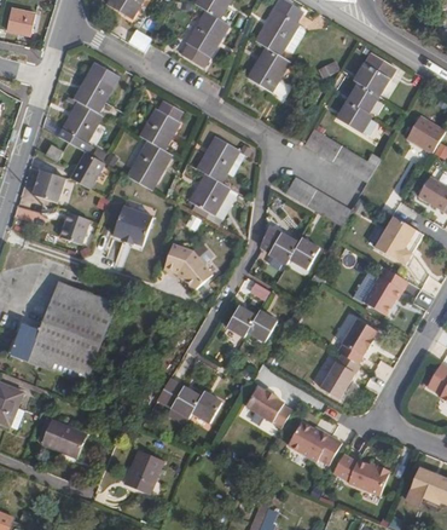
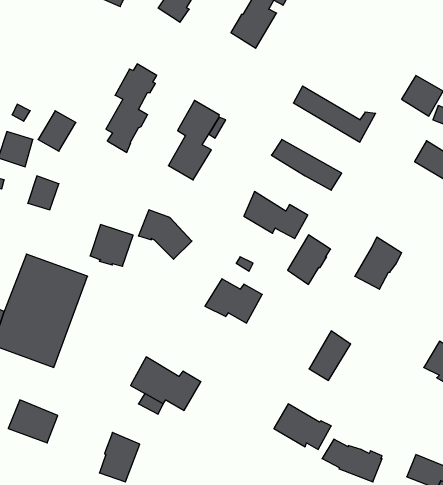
building: [338,51,396,129] -> none
building: [58,57,114,148] -> none
building: [111,203,151,242] -> [90,225,133,266]
building: [373,215,422,263] -> none
building: [337,318,377,364] -> [288,235,331,284]
building: [245,387,291,427] -> none

